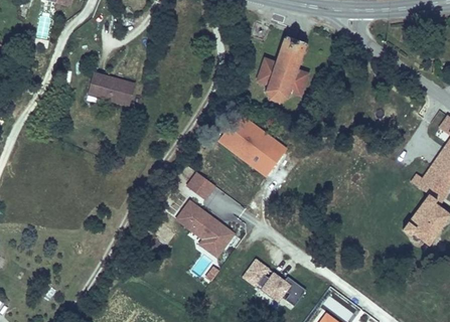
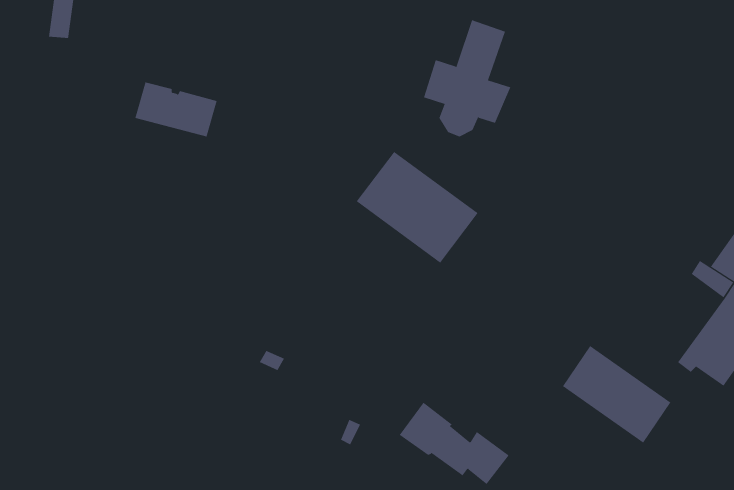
building: [186,171,216,199] -> none
building: [174,198,236,258] -> none
building: none -> [562,345,671,444]

